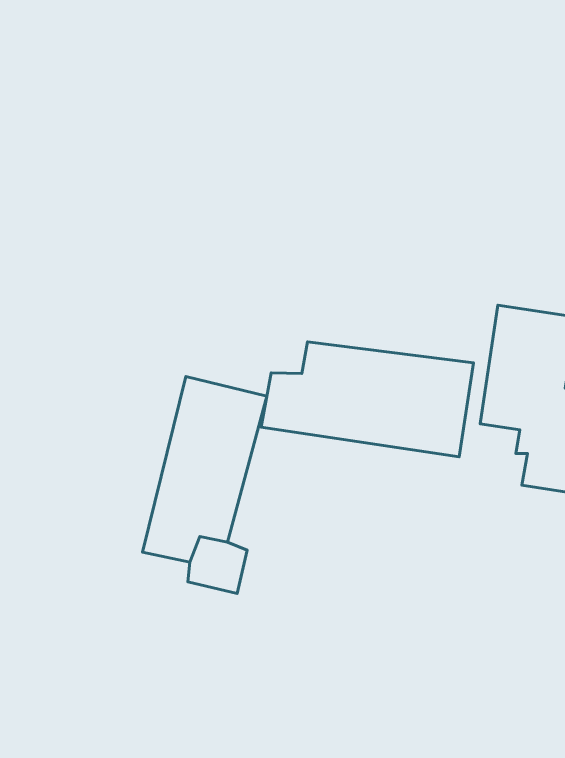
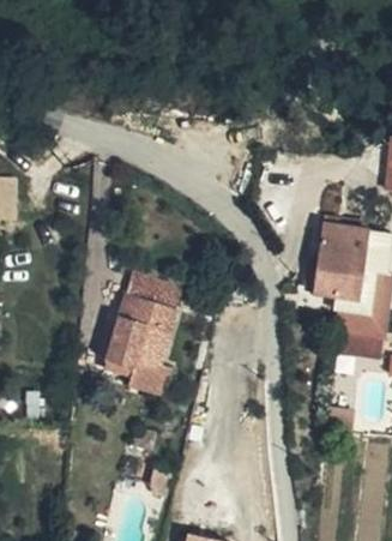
building: [261,342,474,457] -> none

